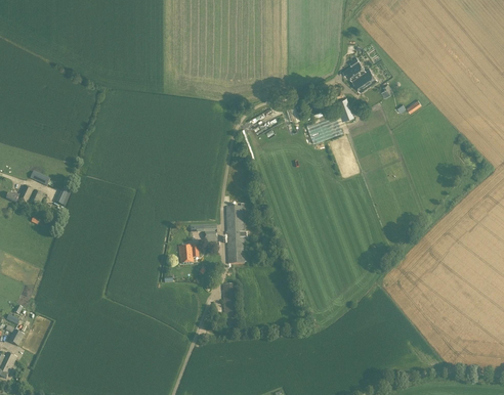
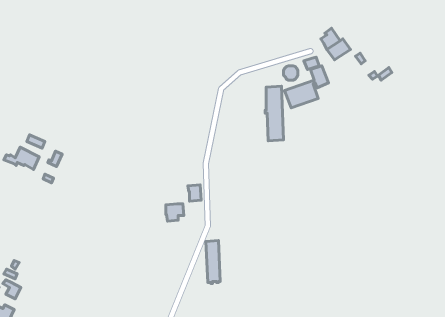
building: [224,206,244,264] -> [265,86,283,141]

